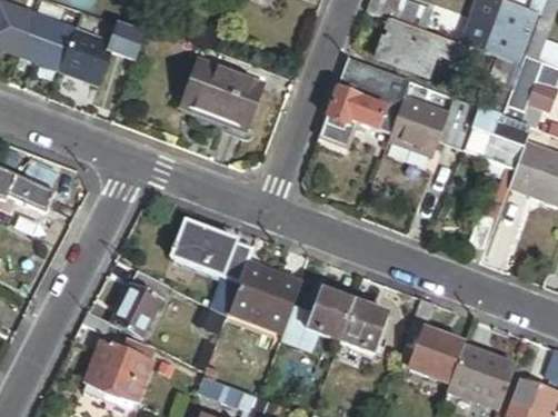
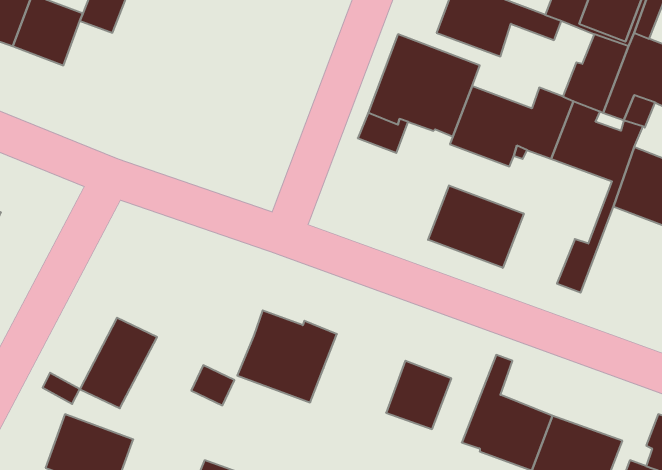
building: [182,60,262,127] -> none
building: none -> [428,185,524,268]
building: [172,220,255,282] -> none
building: [282,288,355,349] -> none

